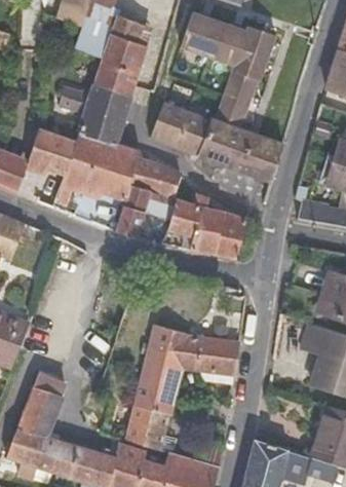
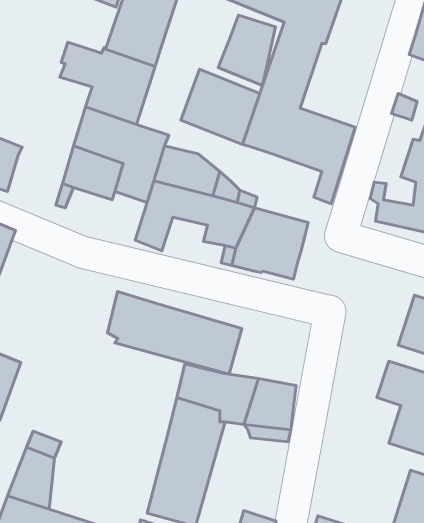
building: none -> [218,15,276,86]
building: [26,127,74,177] -> none
building: none -> [108,292,242,374]

